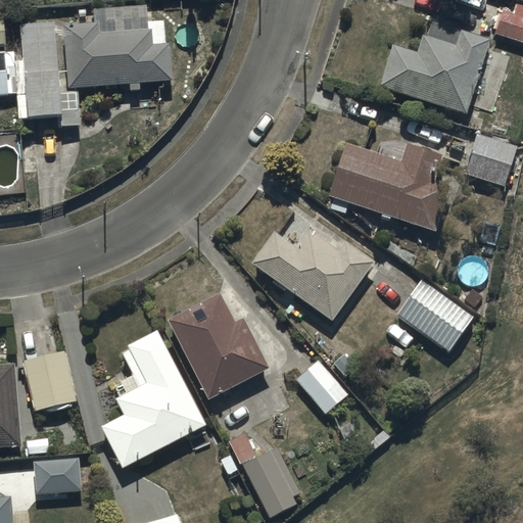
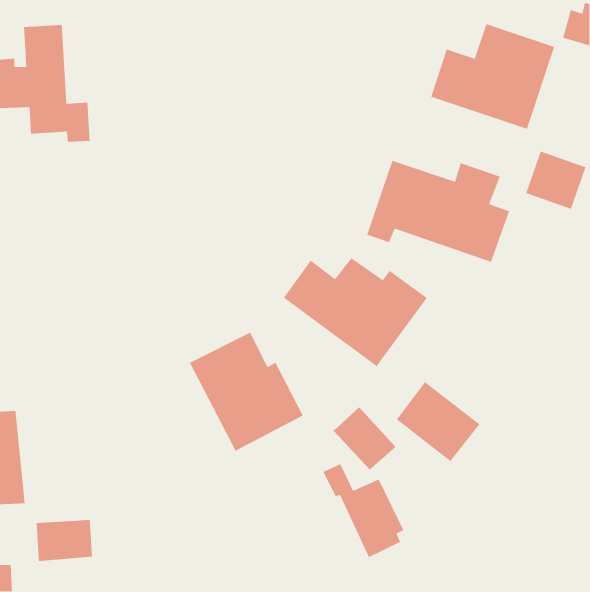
building: [64,4,172,88] -> none
building: [397,280,472,351] -> [396,381,481,462]
building: [103,329,206,467] -> none
building: [26,352,76,412] -> none
building: [228,434,300,518] -> [322,463,405,558]

